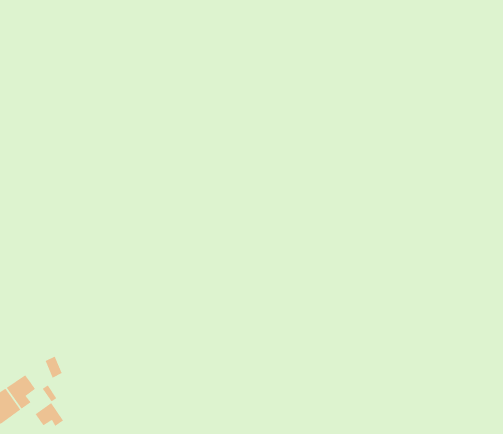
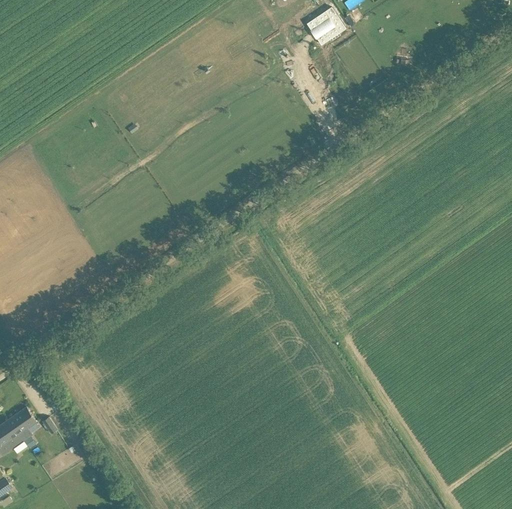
building: [35,402,64,427] -> none

